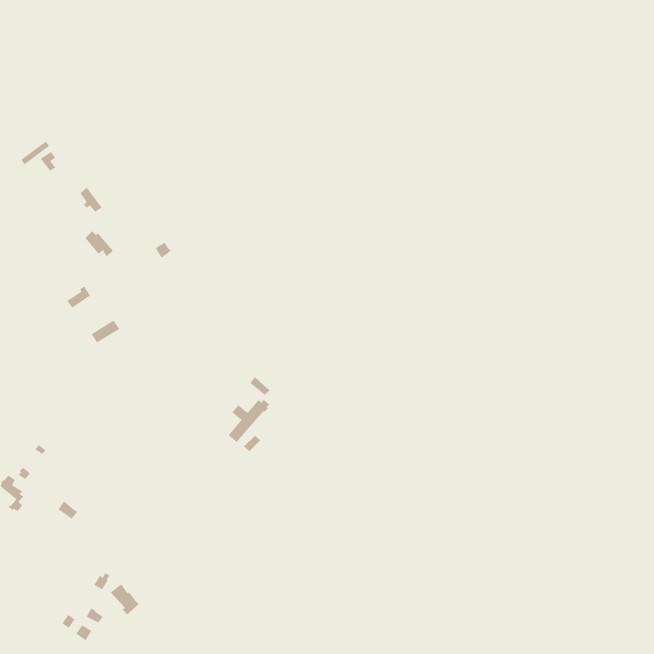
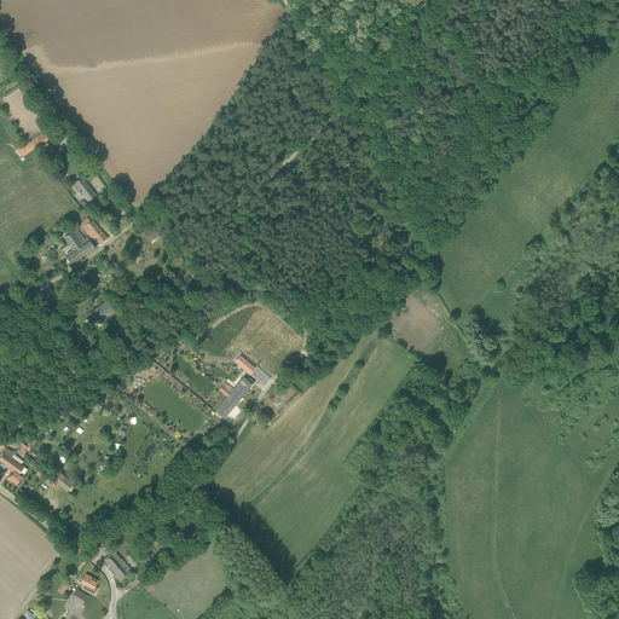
building: none -> [65,228,96,264]

